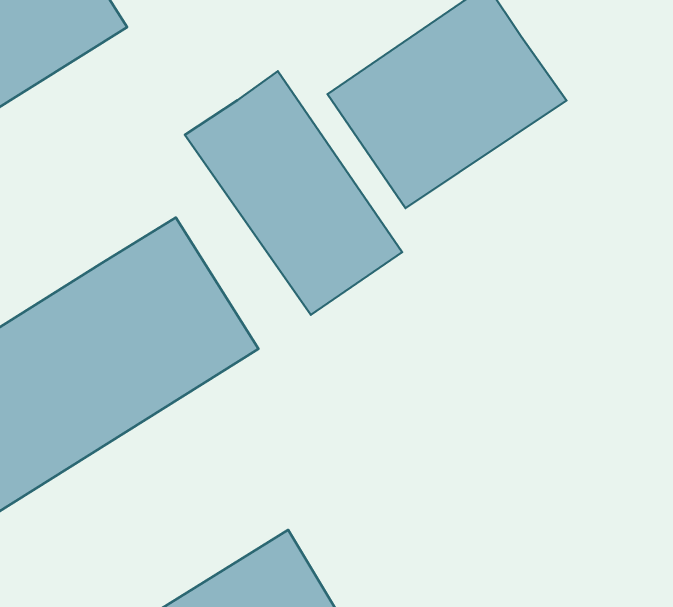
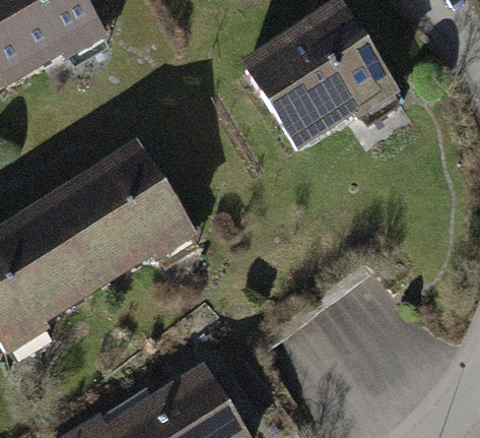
building: [185,71,402,315] -> none

